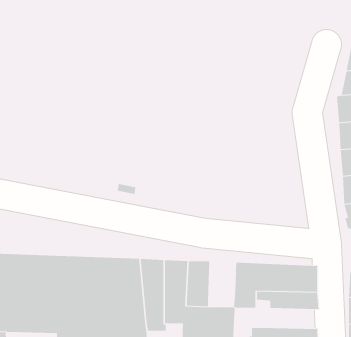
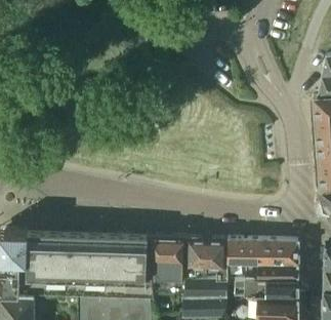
building: none -> [205,239,227,278]
building: none -> [234,279,298,296]

